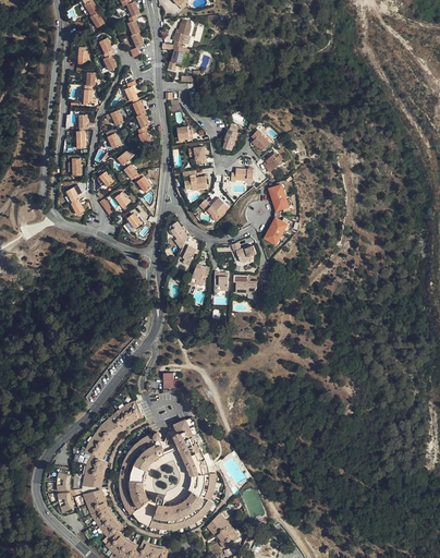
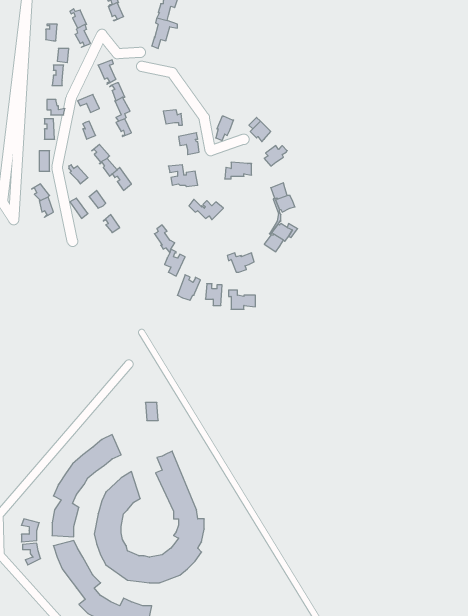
building: [204,509,236,545] -> none

